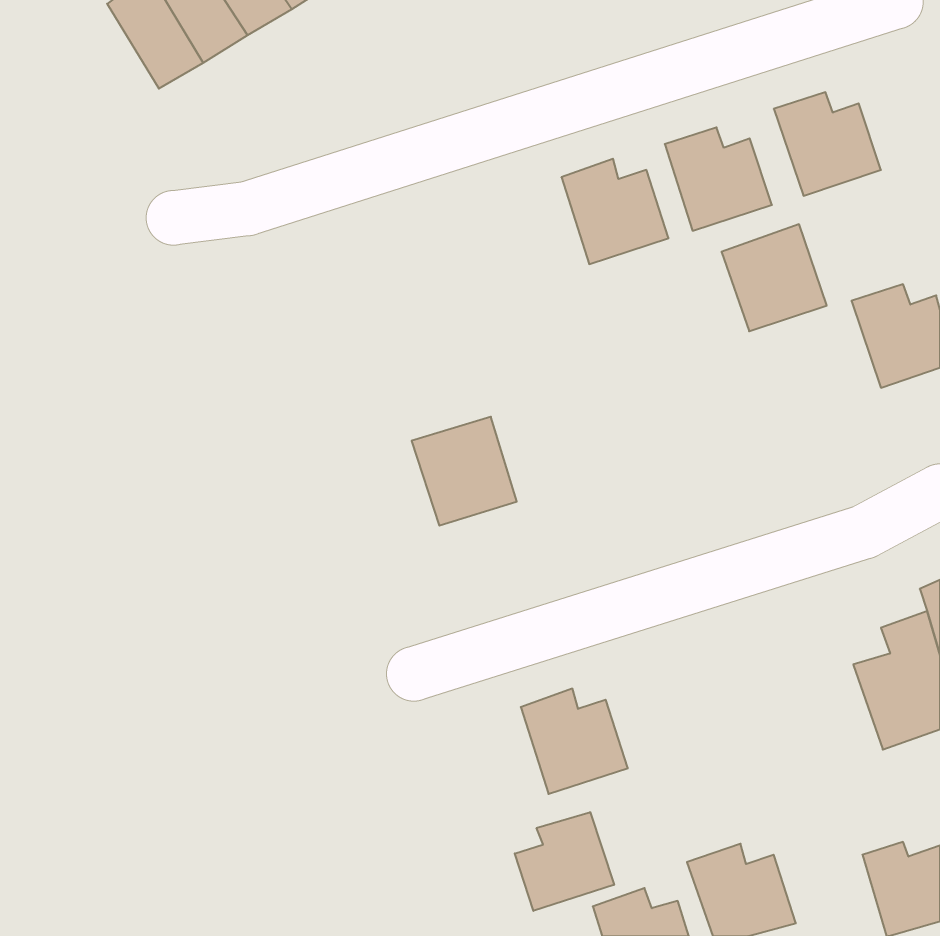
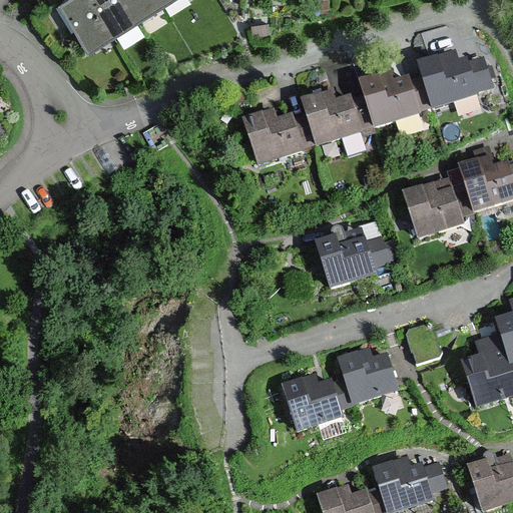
building: none -> [246,106,305,162]
building: [721,224,827,331] -> [407,177,464,235]
building: [412,417,517,526] -> [319,227,376,287]
building: none -> [340,348,398,404]
building: [515,812,614,911] -> none

